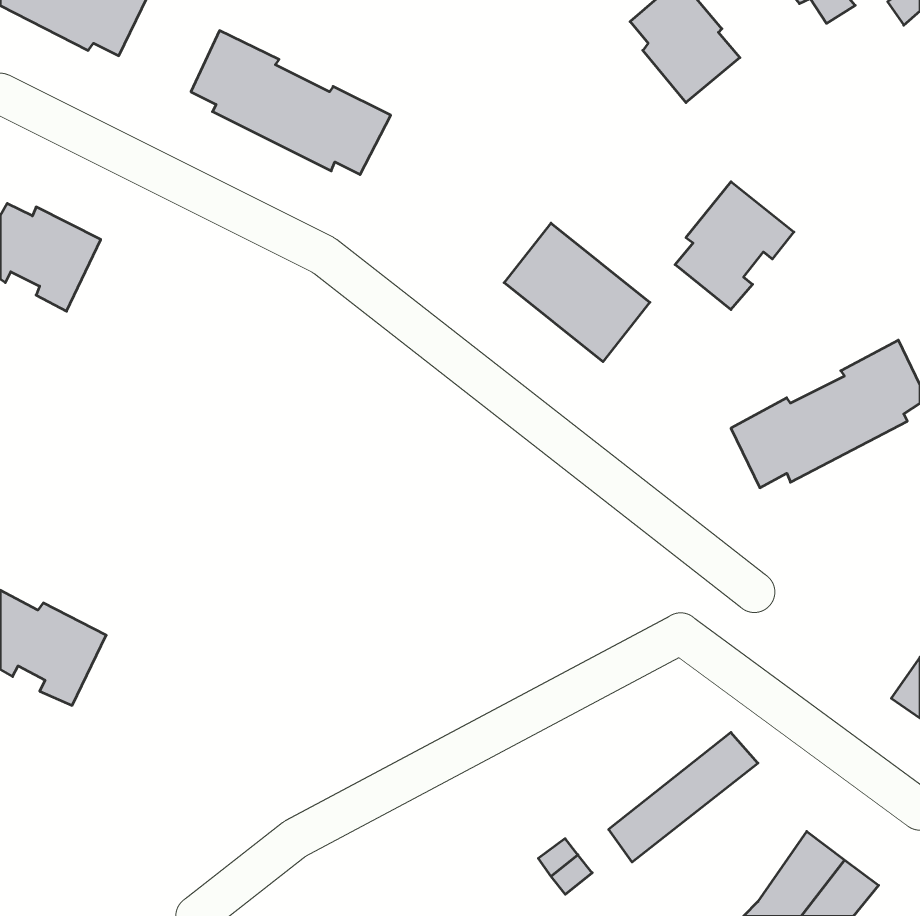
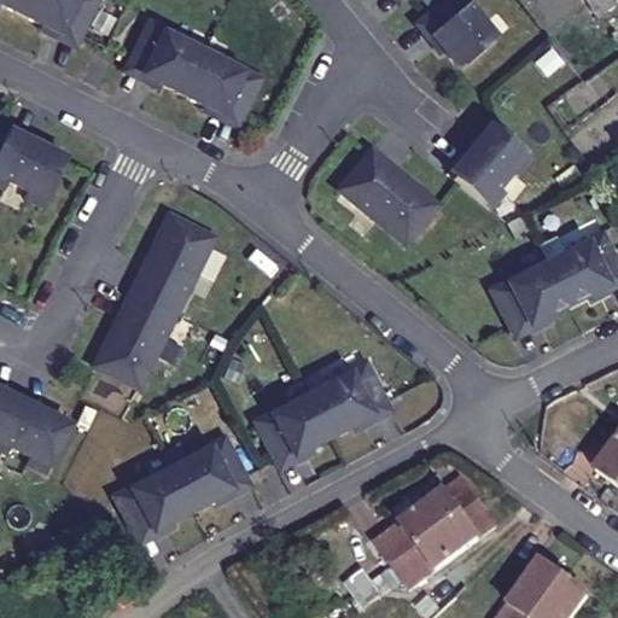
building: none -> [93,215,214,387]
building: none -> [253,360,387,460]
building: none -> [113,435,246,535]
building: none -> [389,466,490,556]

